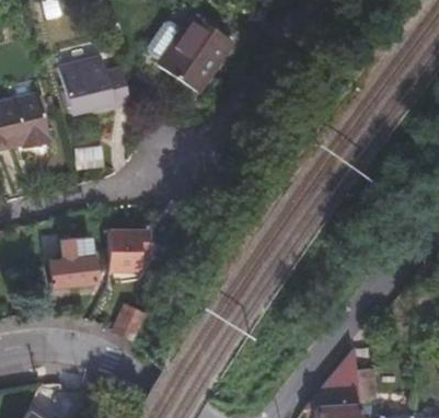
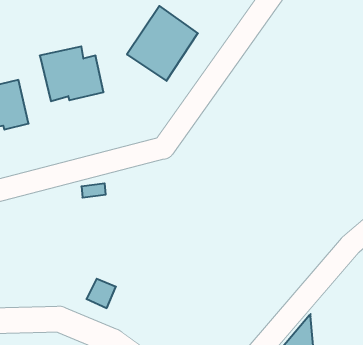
building: [109,225,153,271] -> none
building: [54,236,96,282] -> none

